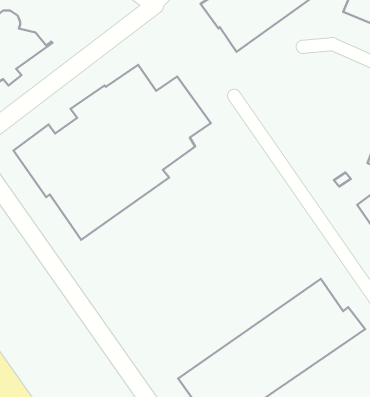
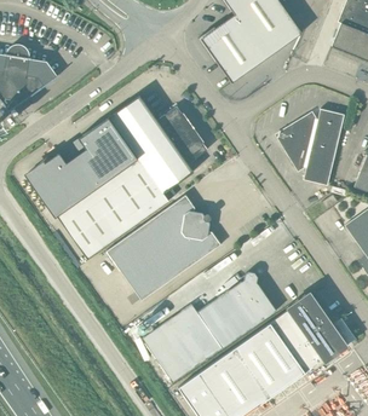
building: none -> [277,108,345,185]
building: none -> [107,193,222,300]
building: none -> [143,271,277,382]

